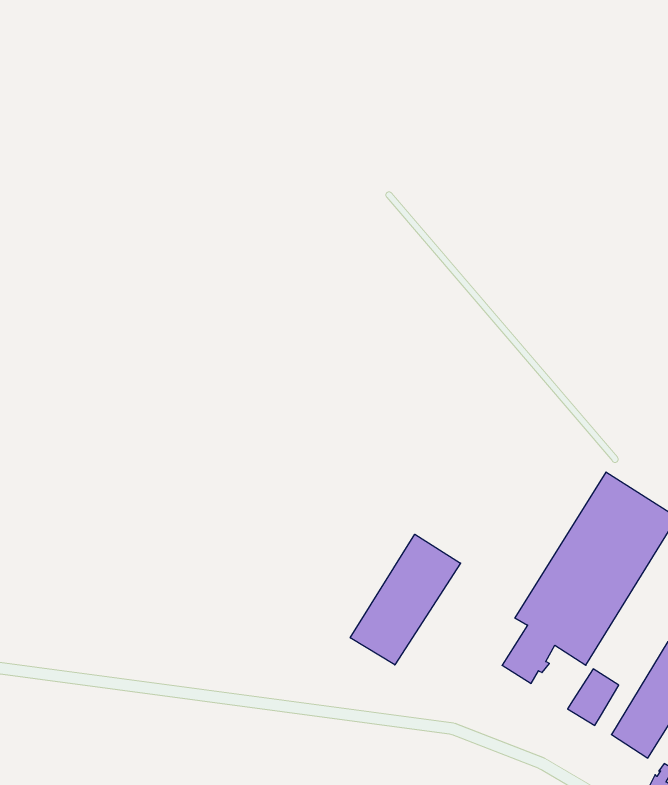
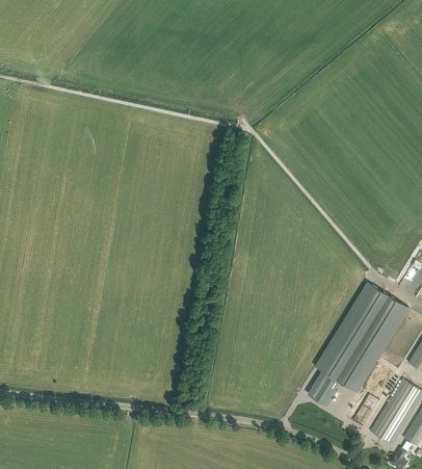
building: [350,534,461,665] -> none

